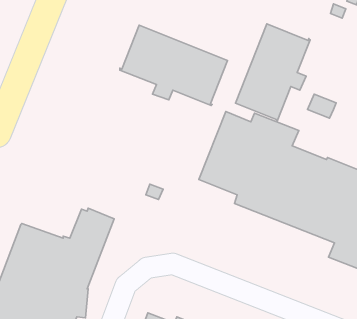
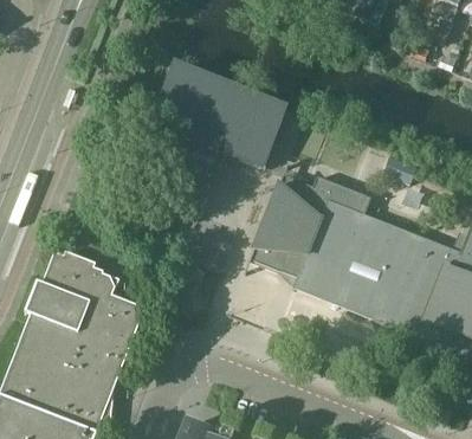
building: [236,24,310,121] -> none
building: none -> [24,247,118,327]

